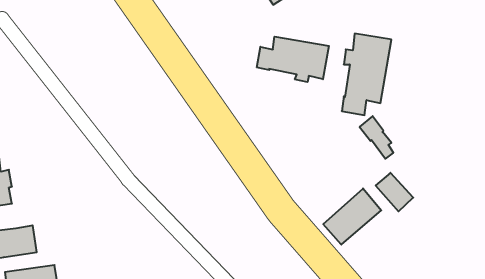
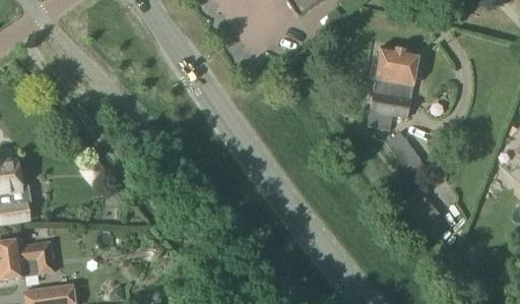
building: [257,37,329,82] -> none
building: [323,188,381,245] -> none

